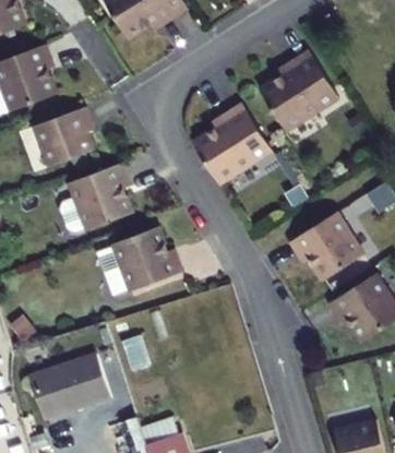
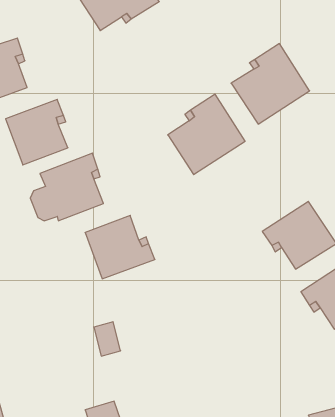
building: [31,355,98,415] -> none

